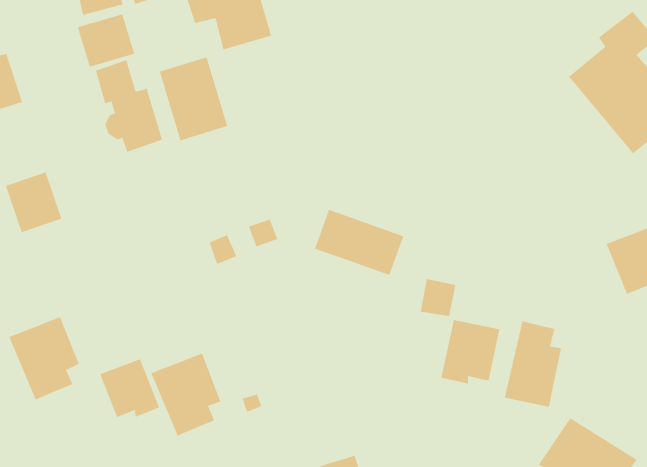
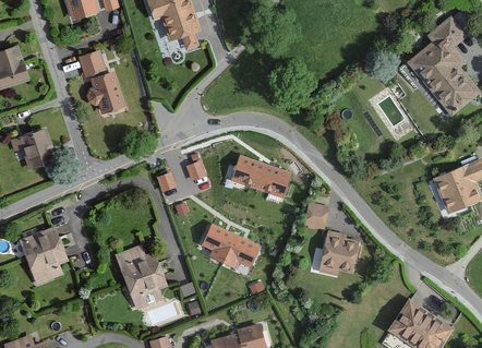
building: [77,13,135,68] -> none
building: [159,57,228,141] -> none
building: none -> [201,224,260,269]
building: [504,320,561,408] -> none
building: [100,358,160,418] -> none

